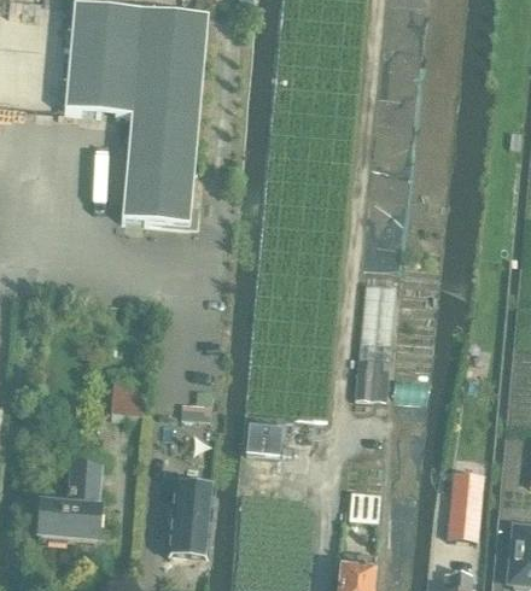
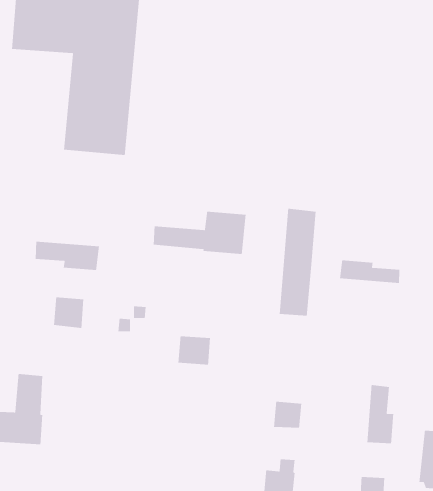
building: none -> [153,211,247,255]
building: none -> [35,241,100,271]
building: none -> [339,259,400,284]
building: [170,484,214,558] -> none

